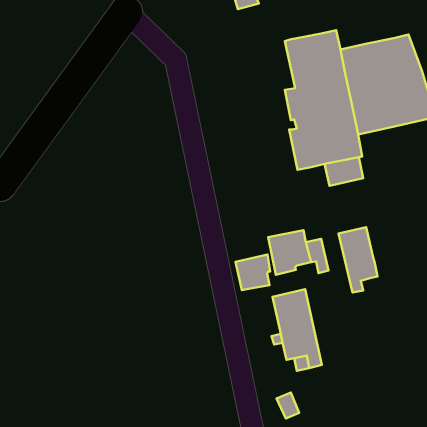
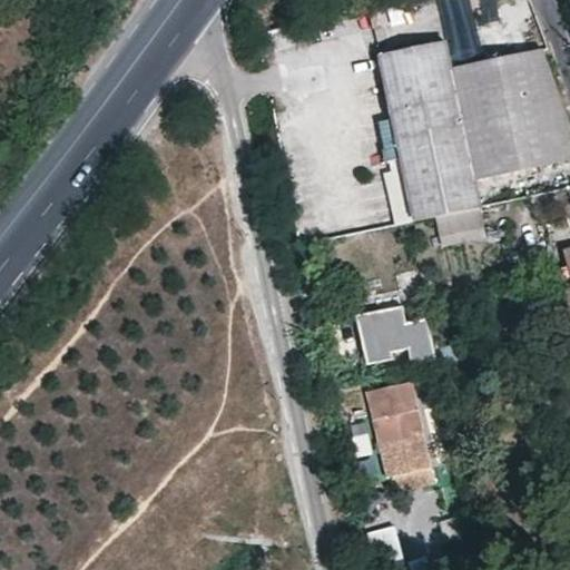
building: [338,227,378,293] -> none
building: [235,255,270,290] -> none

